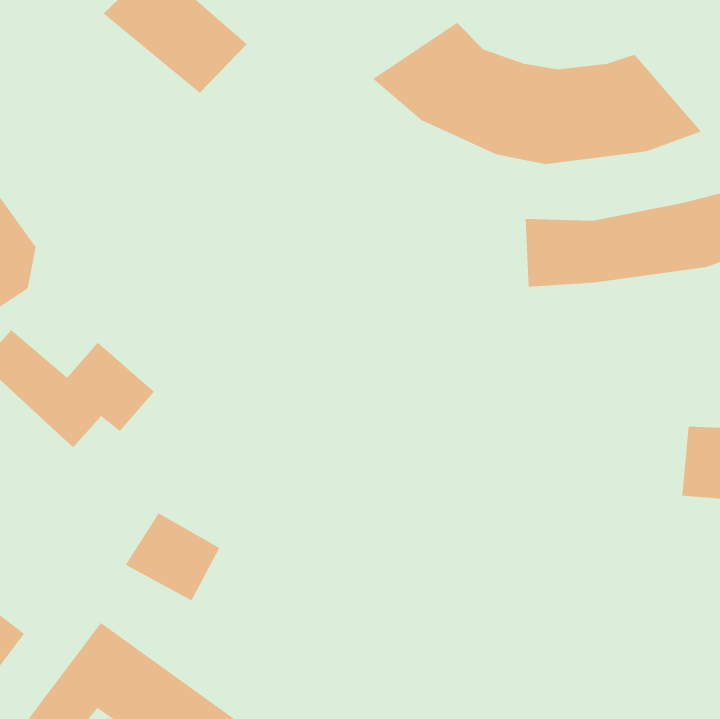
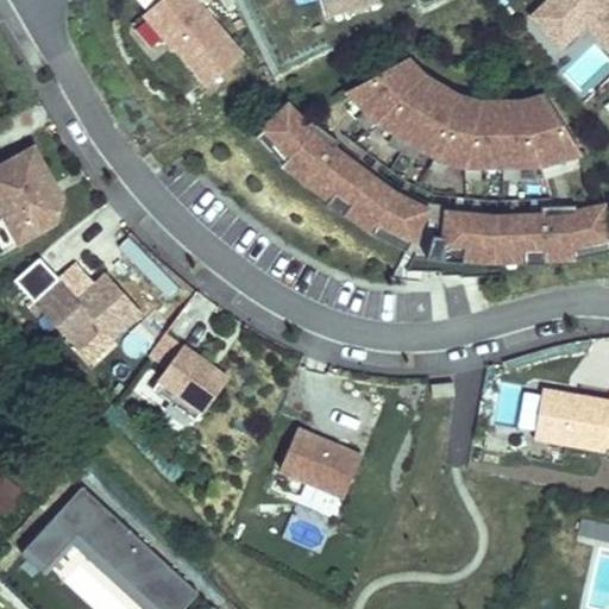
building: none -> [252,101,426,251]
building: [125,513,220,601] -> [157,338,231,408]
building: none -> [280,421,365,514]

